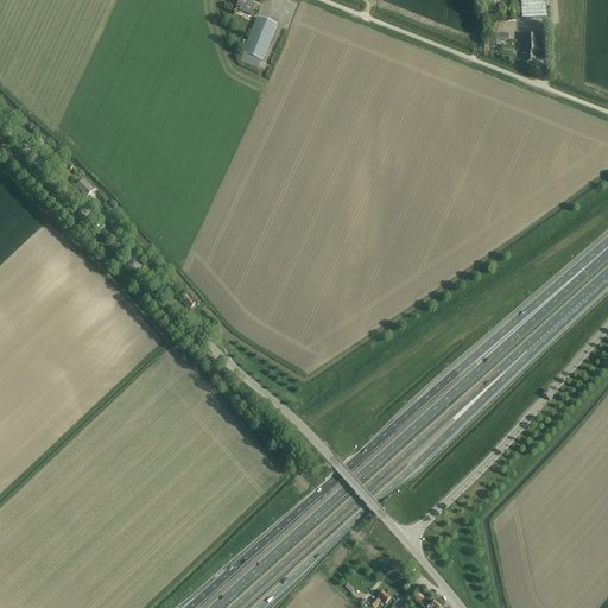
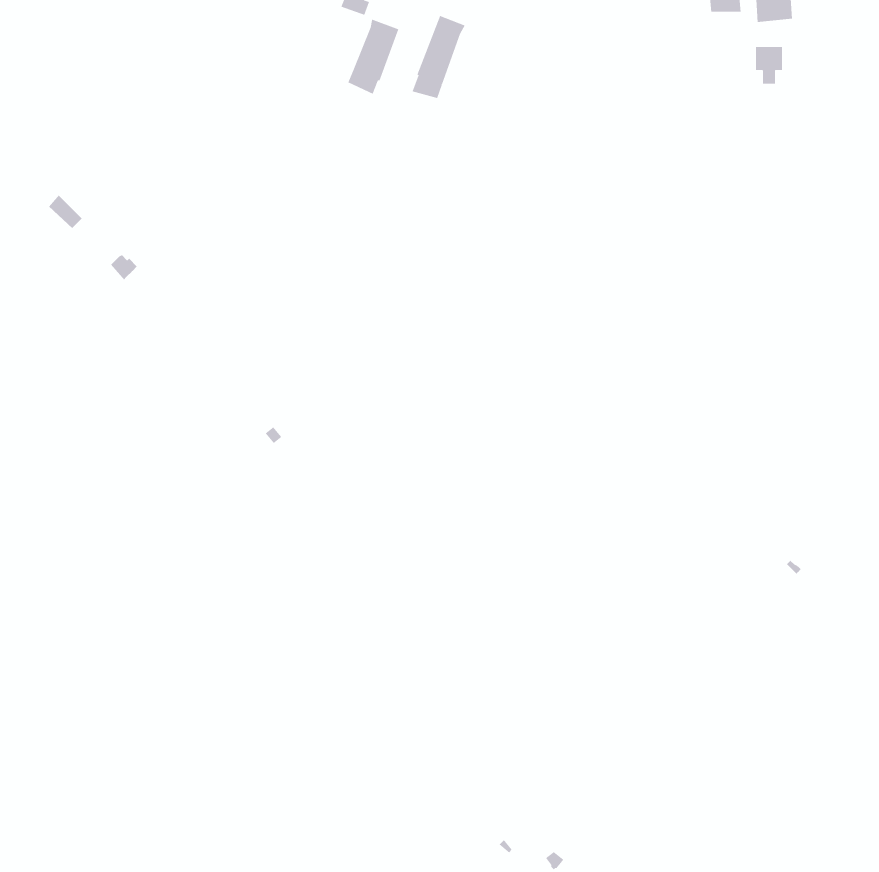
building: none -> [412,15,465,99]

